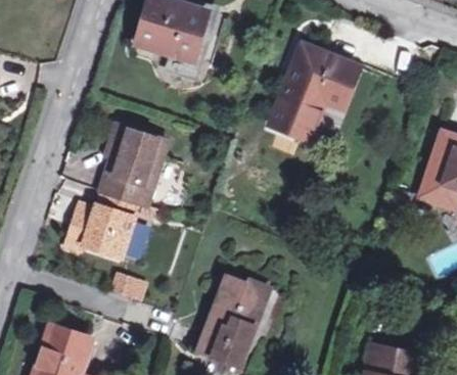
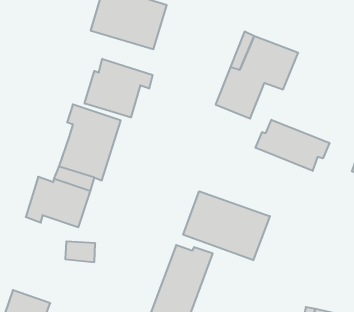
building: none -> [85,59,153,117]
building: none -> [256,120,329,171]
building: none -> [183,191,270,260]

